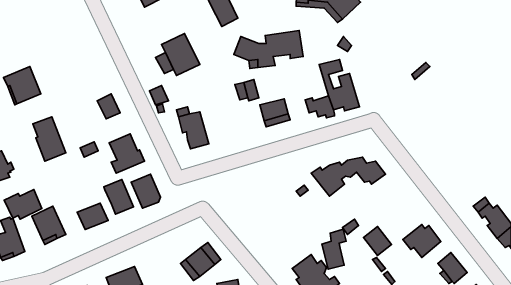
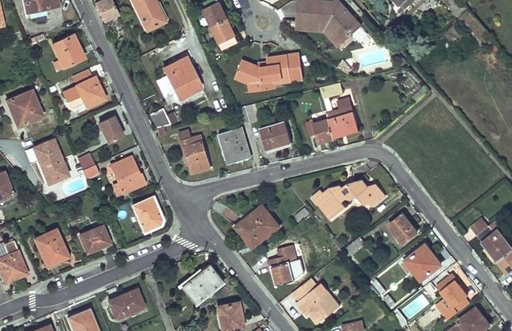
building: none -> [52,35,83,68]
building: none -> [62,69,105,109]
building: none -> [218,127,251,165]
building: [104,180,133,214] -> none
building: none -> [237,206,279,247]
building: [4,190,42,219] -> none
building: [363,226,392,255] -> [389,214,417,243]
building: [322,229,346,269] -> [271,245,295,285]

